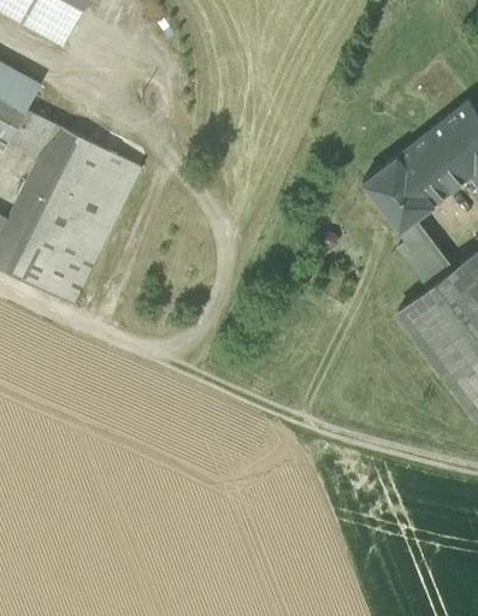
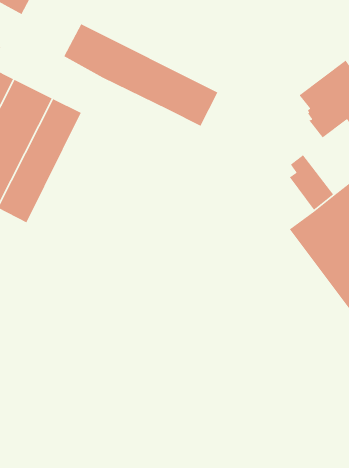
building: none -> [63,23,219,127]
building: [362,144,439,231] -> none

